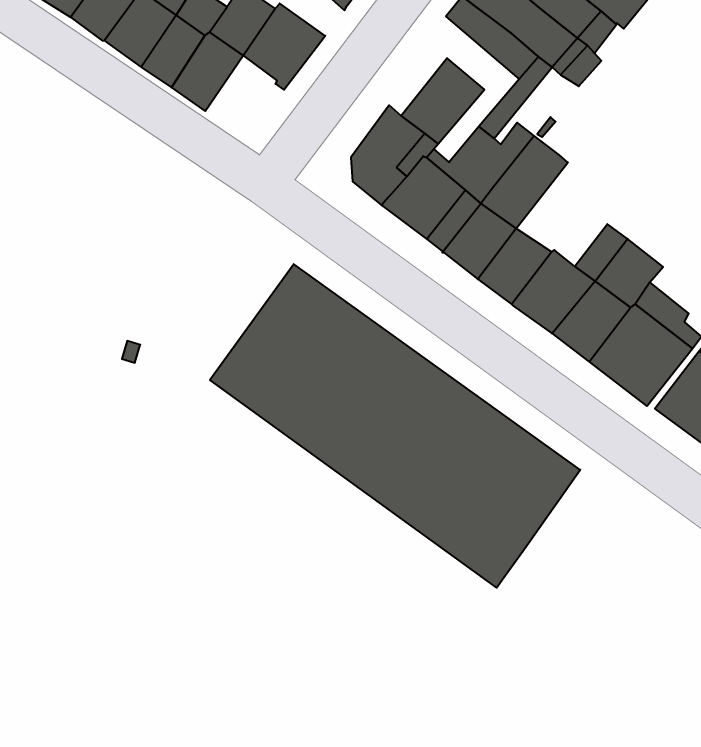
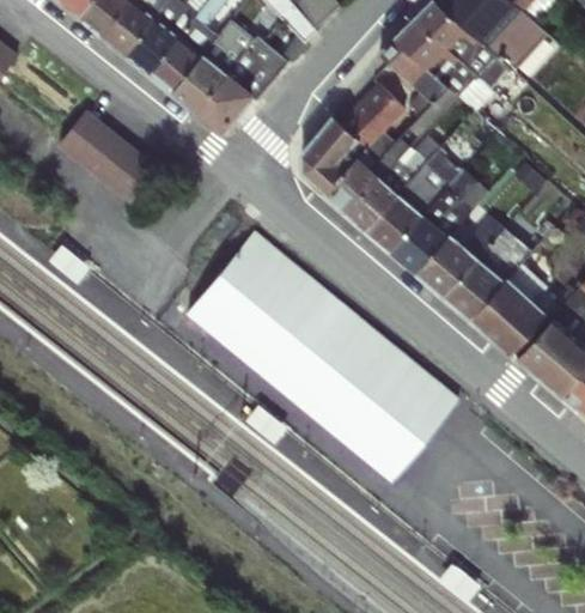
building: none -> [196,72,251,131]
building: none -> [57,108,159,202]
building: none -> [422,168,490,233]

